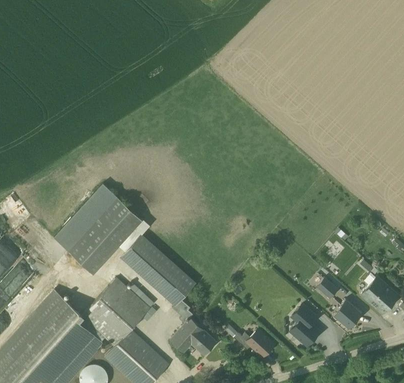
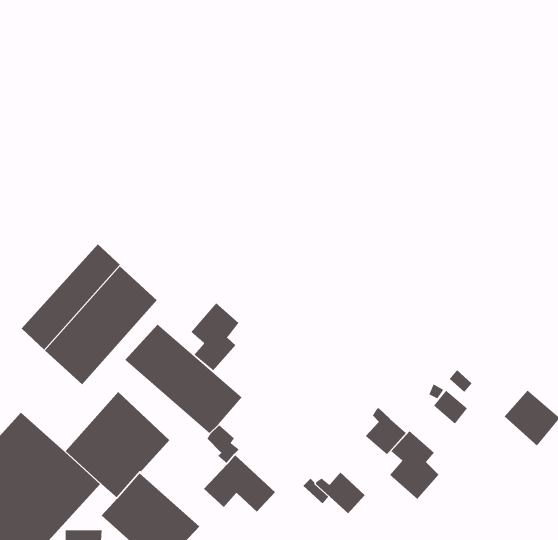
building: none -> [190,302,239,371]
building: none -> [365,408,407,455]
building: [334,299,363,329] -> none

